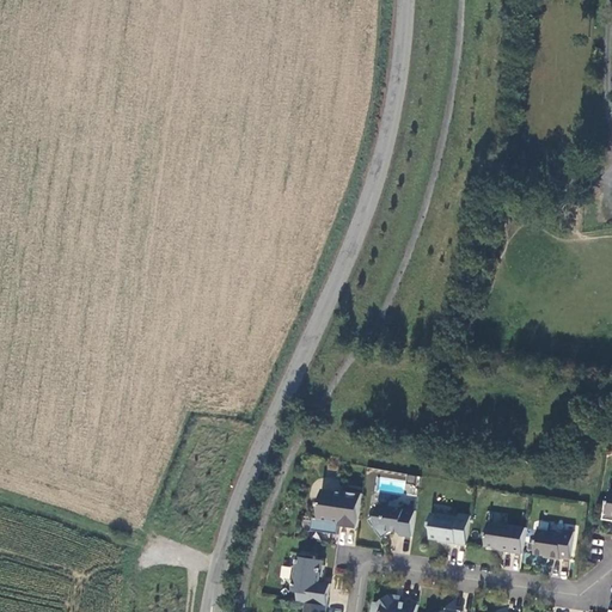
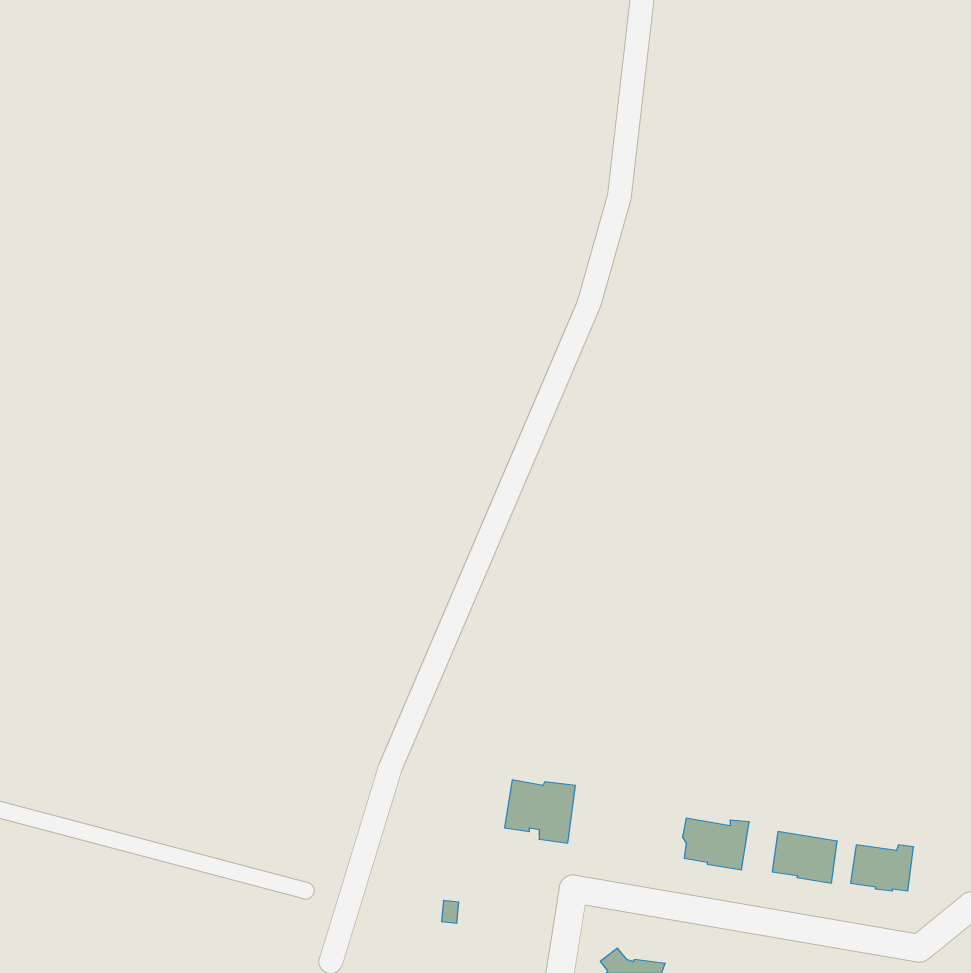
building: [366,503,414,537] -> none
building: [288,552,329,604] -> none

